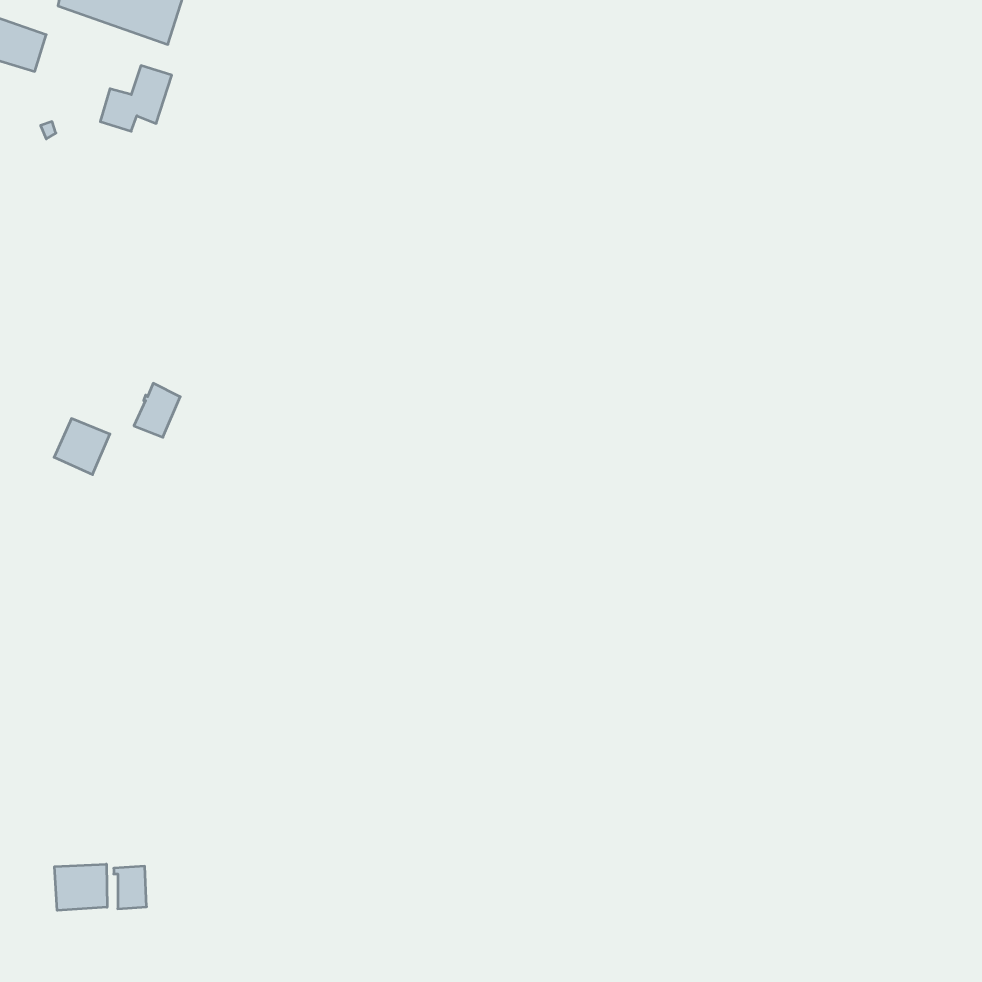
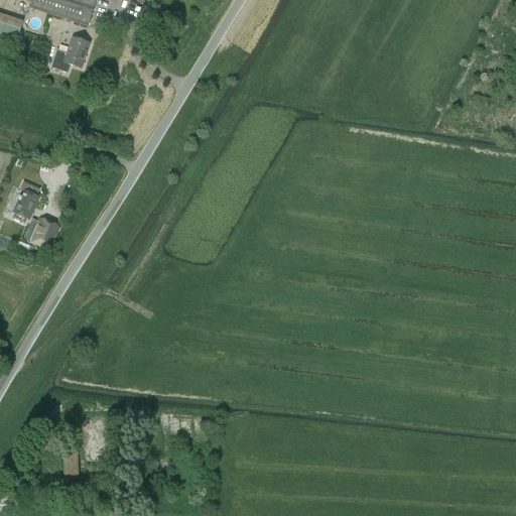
building: [134,383,180,437] -> [12,189,36,218]
building: [55,864,107,910] -> none

